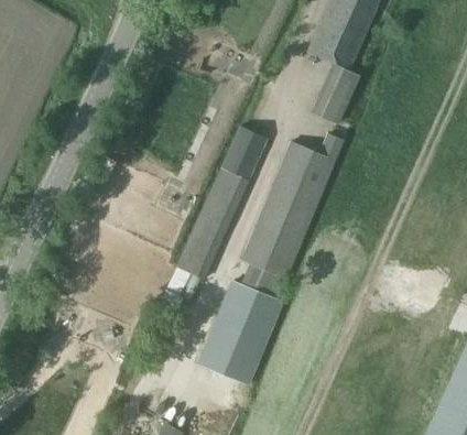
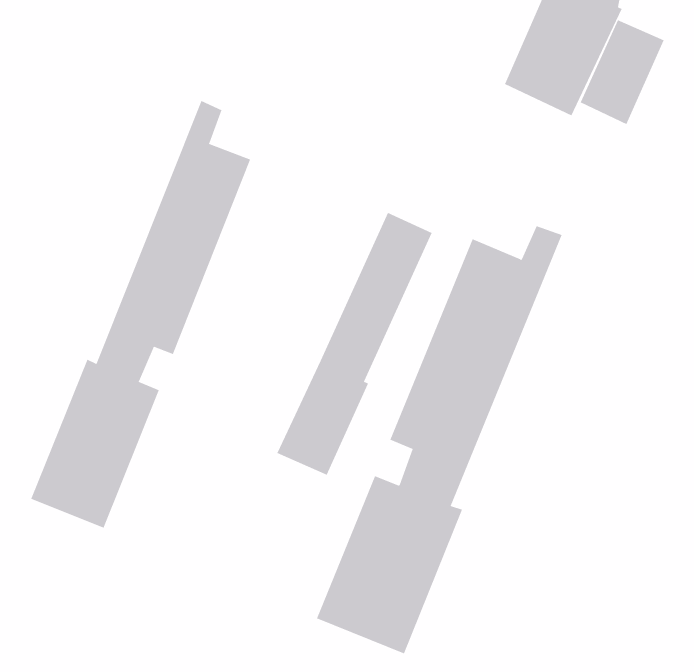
building: none -> [30,100,251,529]
building: [311,64,360,126] -> [580,20,665,125]

